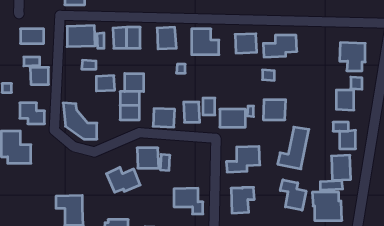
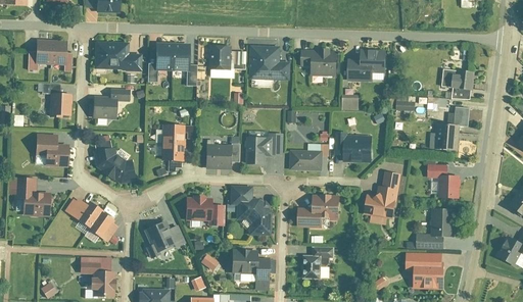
building: [125,73,144,92] -> none
building: [96,76,115,91] -> [91,99,114,118]
building: none -> [62,195,117,243]
building: none -> [239,198,270,233]
building: [280,180,306,210] -> none

